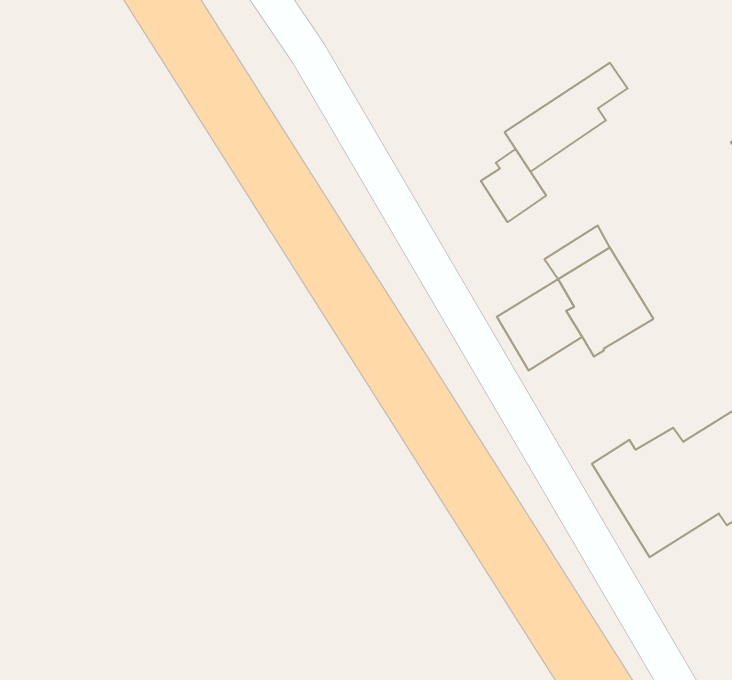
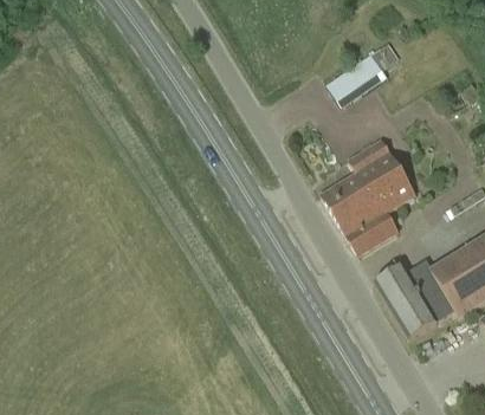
building: [481,149,546,222] -> none
building: none -> [341,205,397,254]

